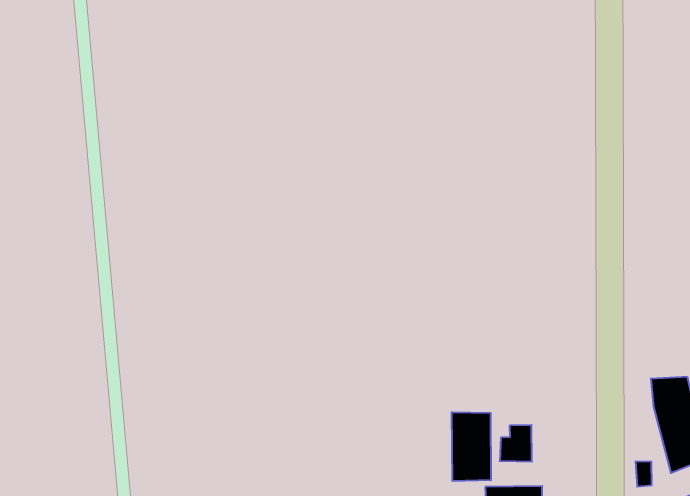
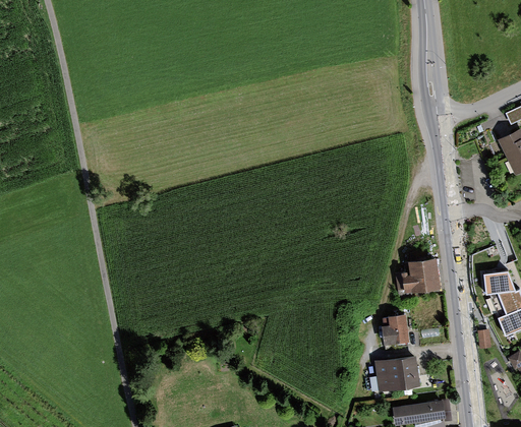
building: none -> [400,258,441,291]
building: [452,412,491,481] -> none

